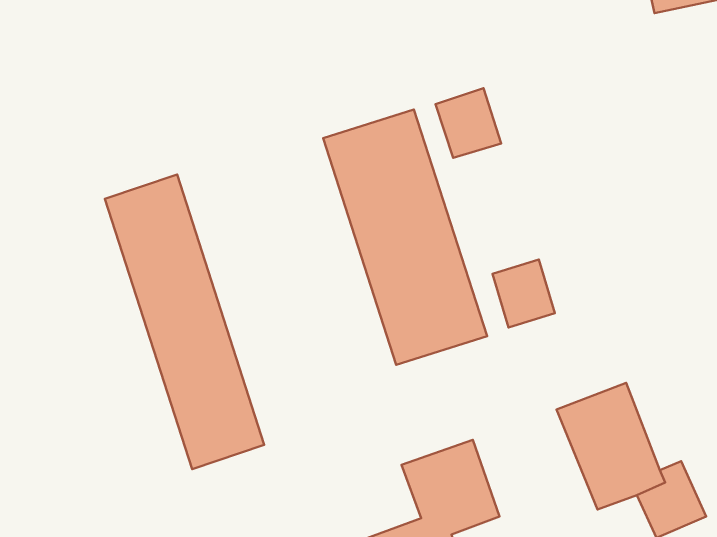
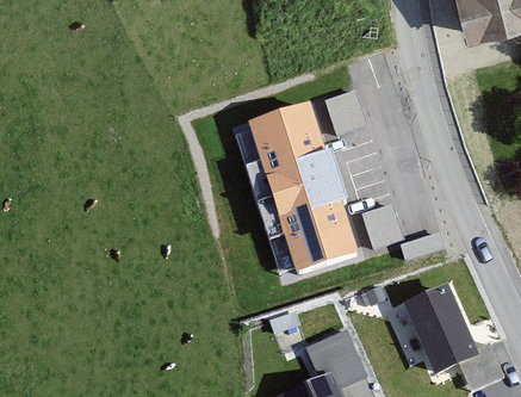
building: [105,174,264,469] -> none

